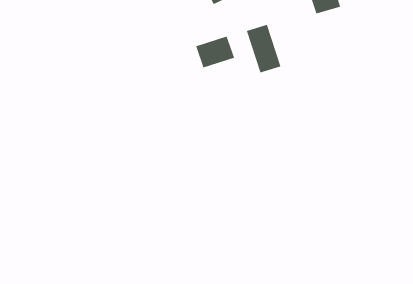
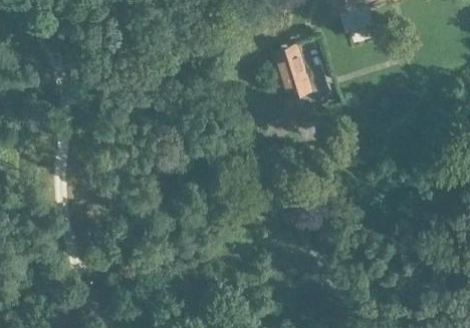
building: [195,35,235,69] -> none

